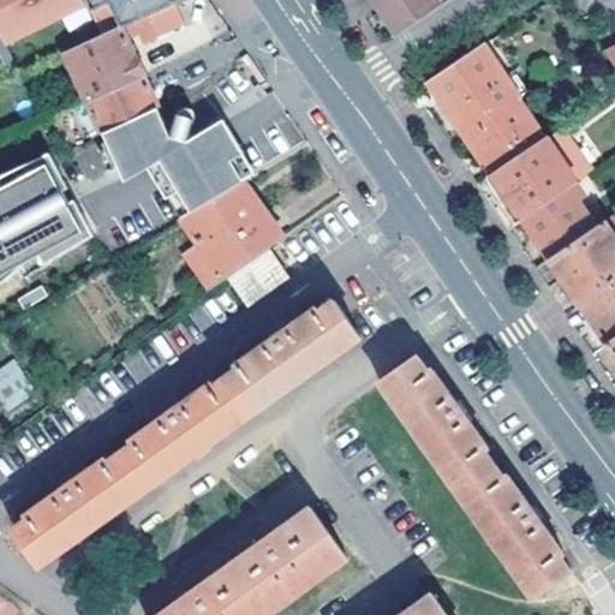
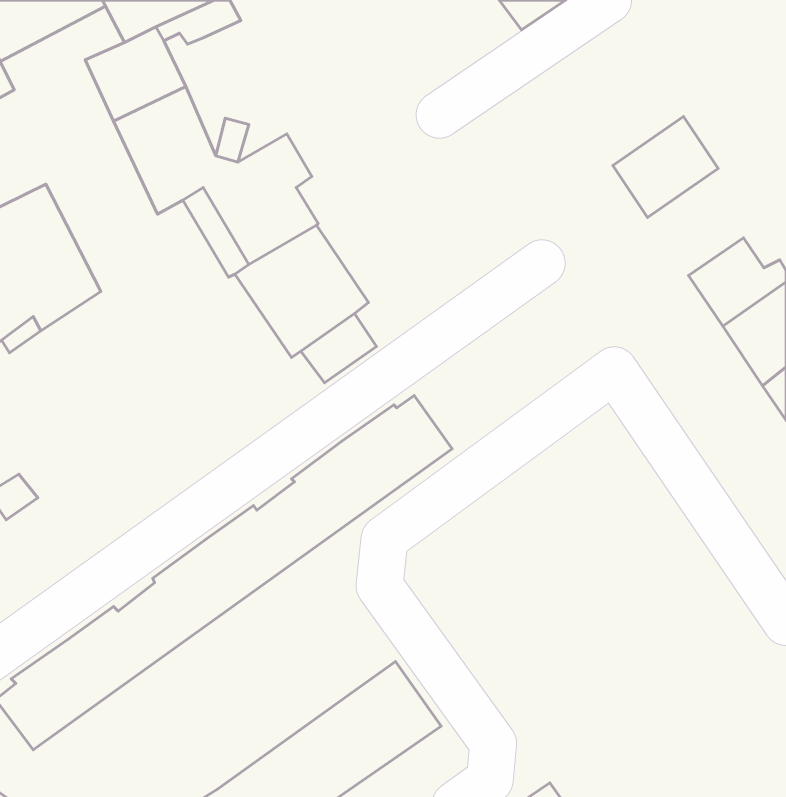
building: [429,40,521,132] -> none
building: [491,126,593,216] -> none
building: [381,360,569,601] -> none

